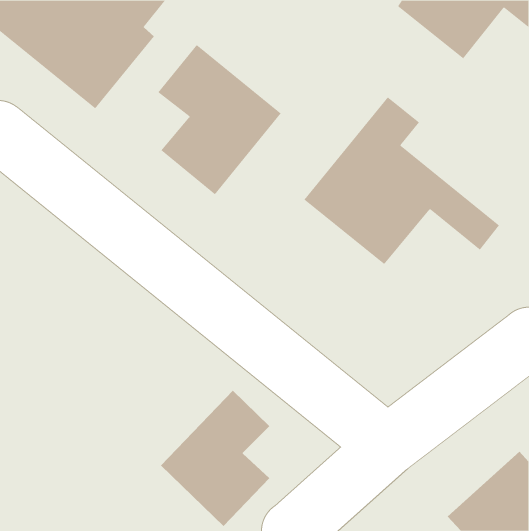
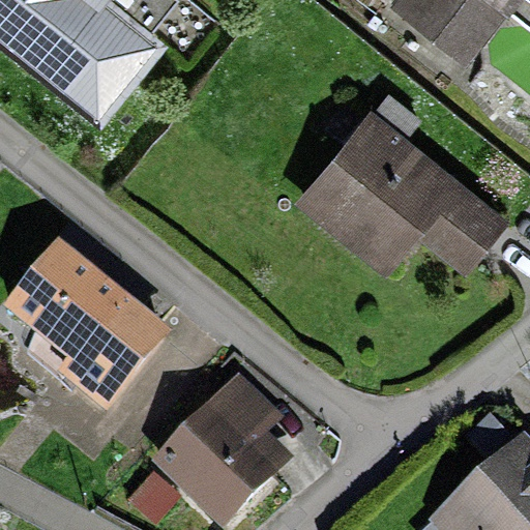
building: [158,44,281,195] -> none
building: none -> [10,258,160,408]

